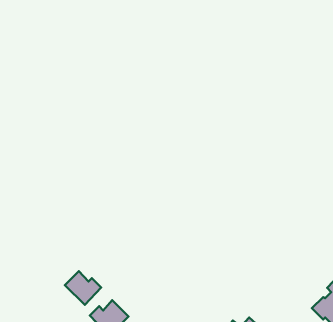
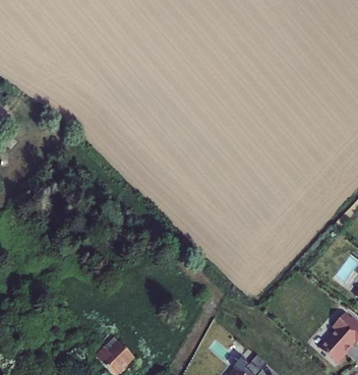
building: [65,271,101,305] -> none

